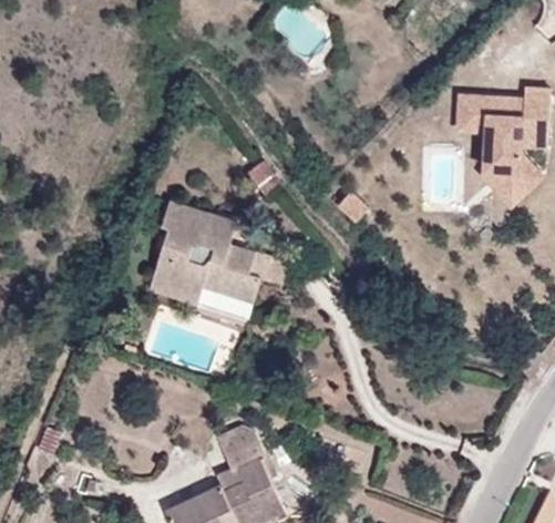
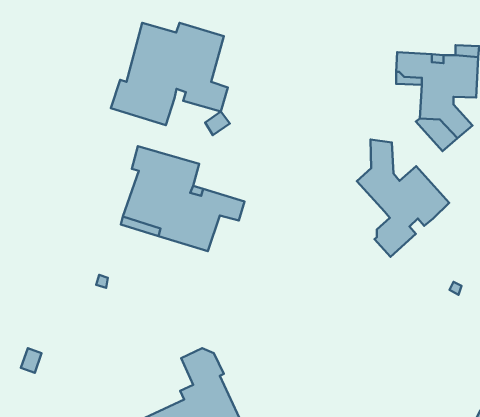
building: none -> [111,23,228,125]
building: none -> [357,140,449,257]

